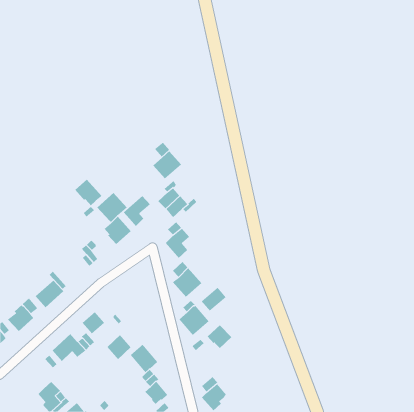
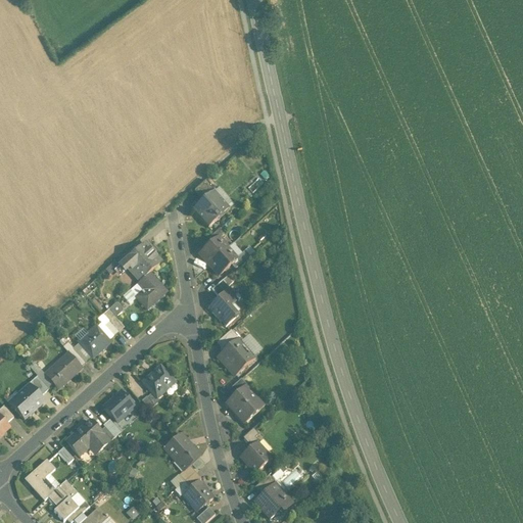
building: [74,179,103,206] -> none
building: [123,195,151,227] -> none
building: none -> [78,325,109,356]
building: [201,287,227,312] -> none
building: [207,324,232,349] -> [239,440,271,471]
building: [106,334,132,360] -> [142,365,174,397]
building: none -> [25,460,54,500]

